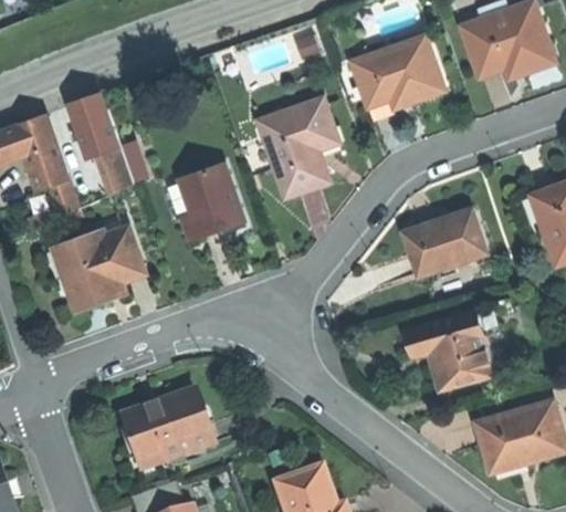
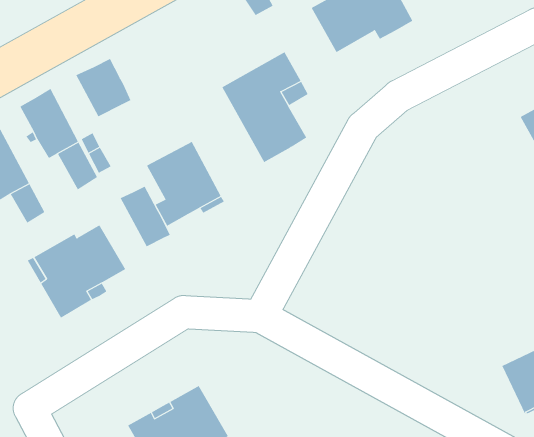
building: none -> [76,58,131,117]
building: none -> [120,186,170,247]
building: [402,209,485,276] -> none
building: [407,312,492,387] -> none

